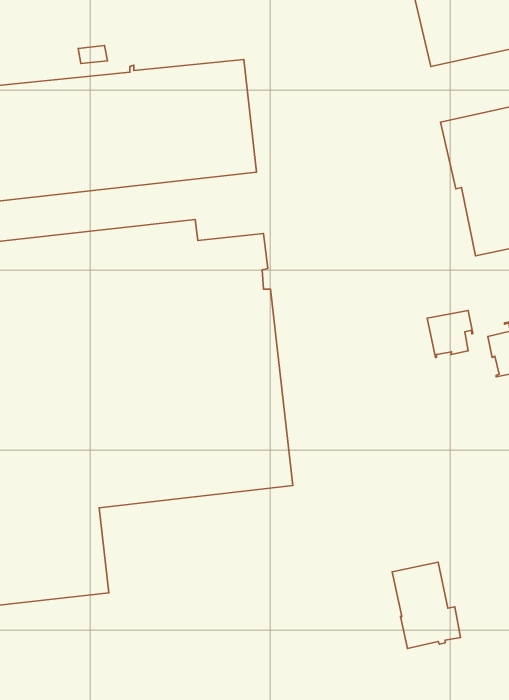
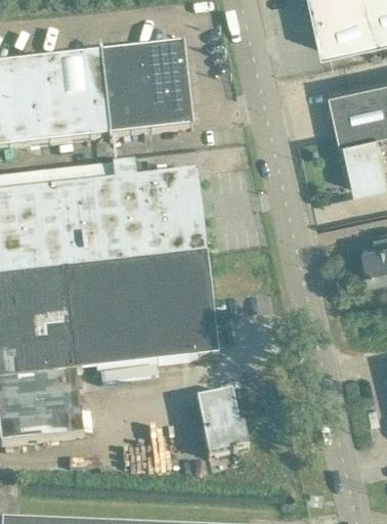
building: [427,310,473,357] -> none
building: [392,562,461,649] -> [199,397,249,461]

